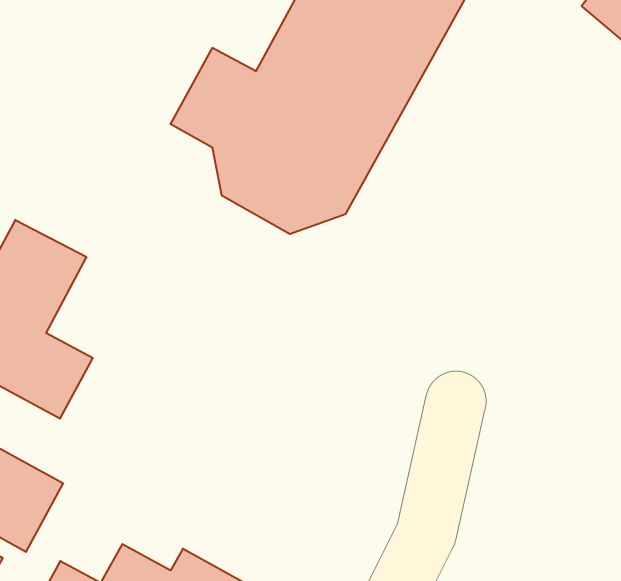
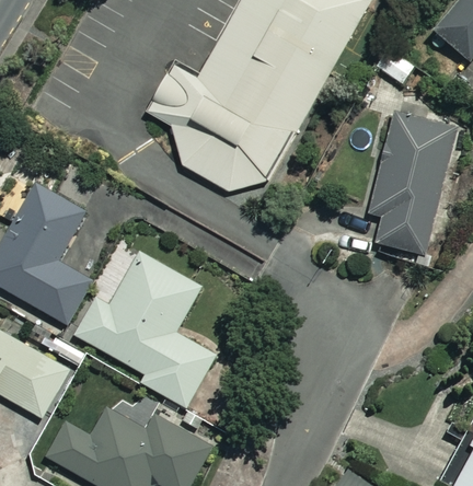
building: none -> [369,114,455,254]
building: none -> [76,253,215,407]

